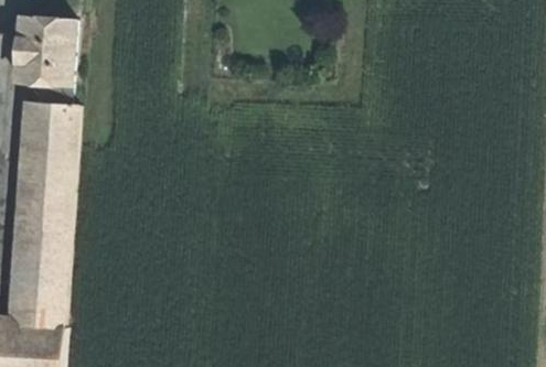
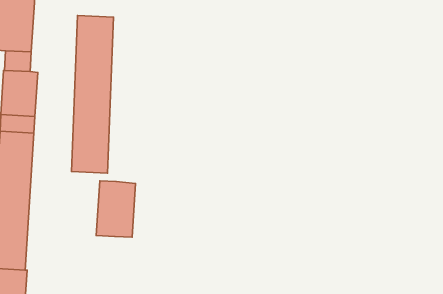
building: none -> [71,15,113,173]
building: none -> [96,181,135,237]

